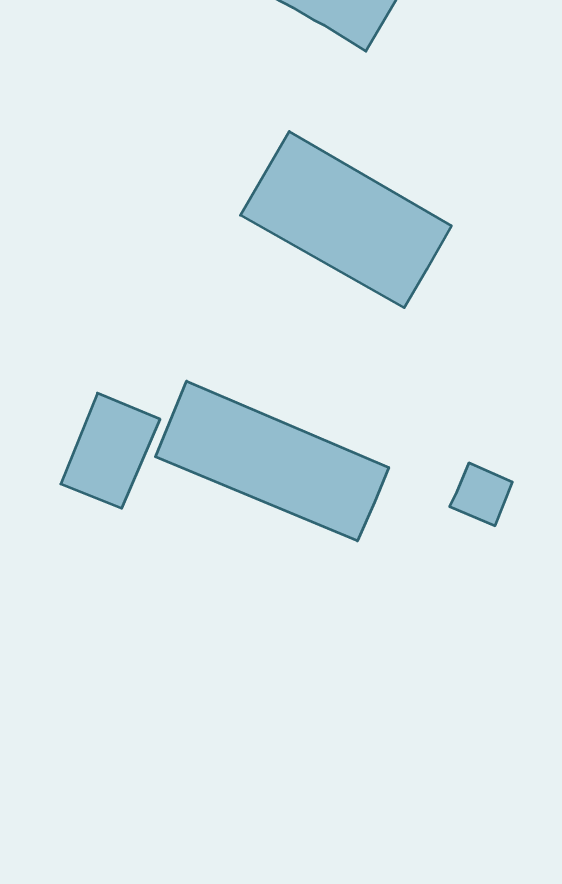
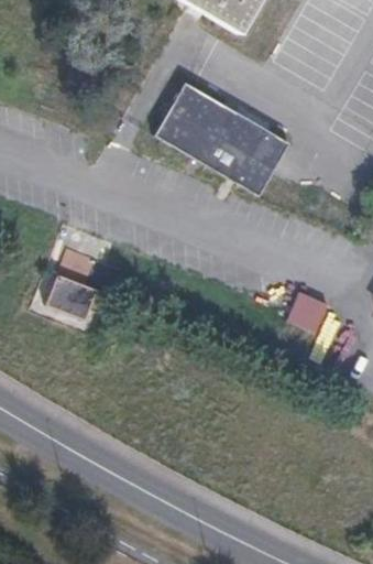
building: [155,381,389,541] -> none

